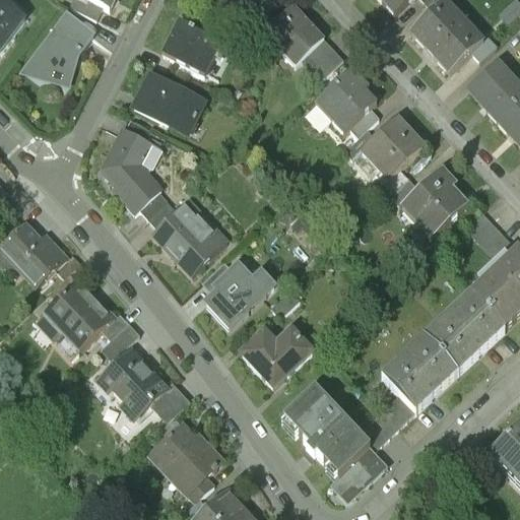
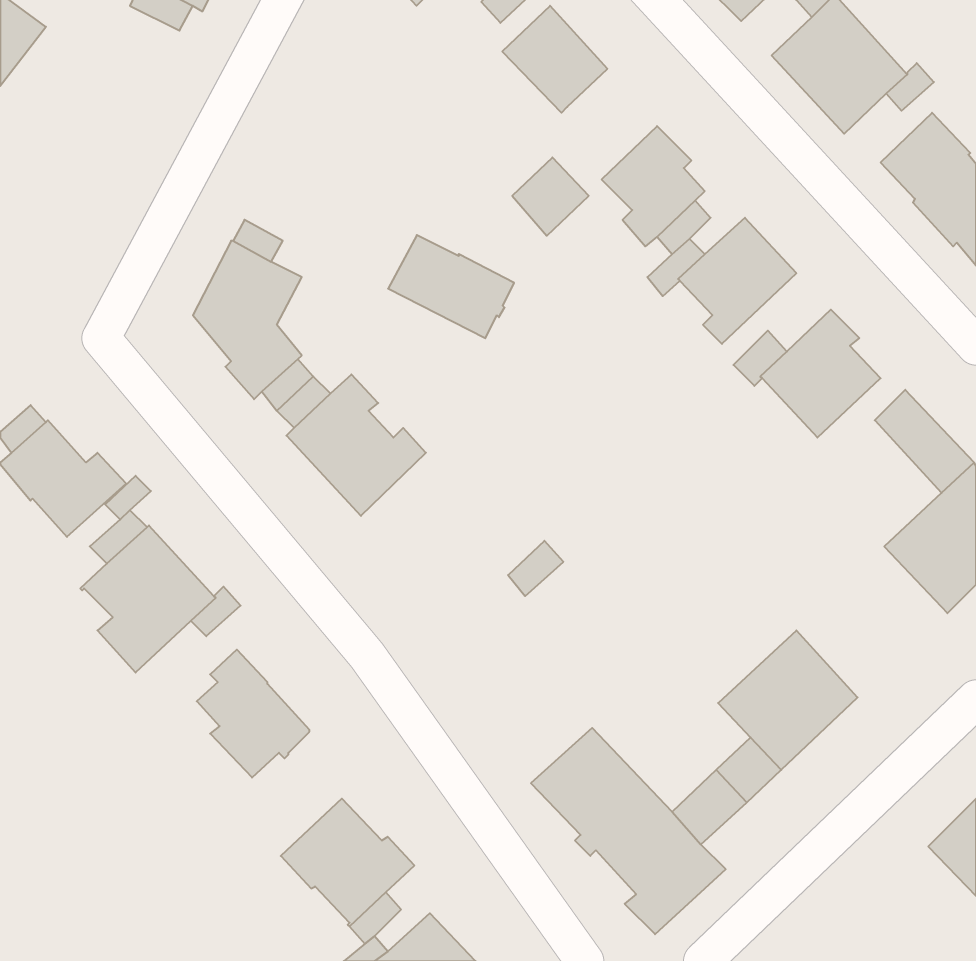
building: [29,11,91,74] -> none
building: [162,18,220,72] -> none
building: [302,37,342,78] -> [512,157,589,236]
building: [135,75,202,130] -> [388,235,514,338]
building: [205,264,265,327] -> none
building: [424,290,504,371] -> none
building: [101,322,139,359] -> none
building: [241,328,312,387] -> none
building: [151,381,190,420] -> none

